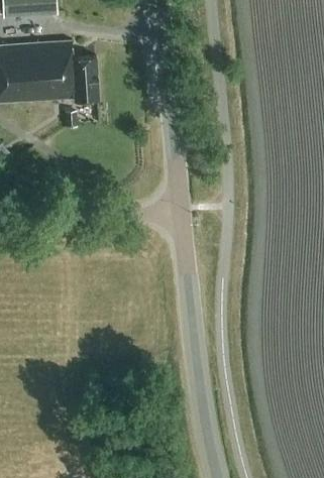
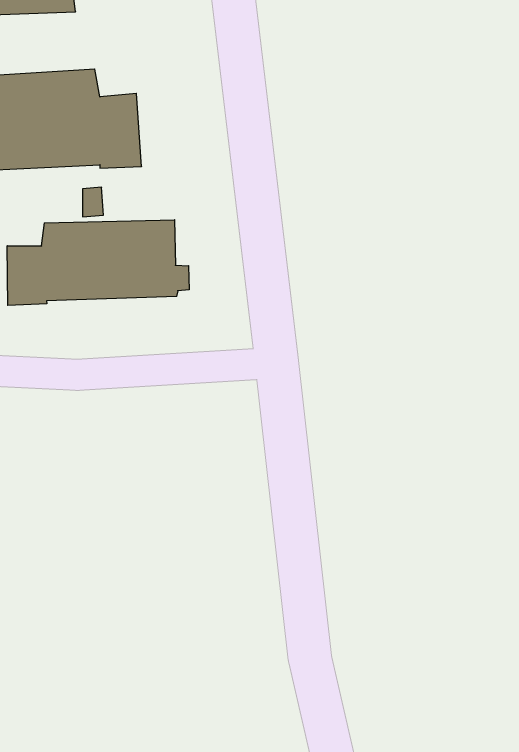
building: none -> [7,220,189,305]

